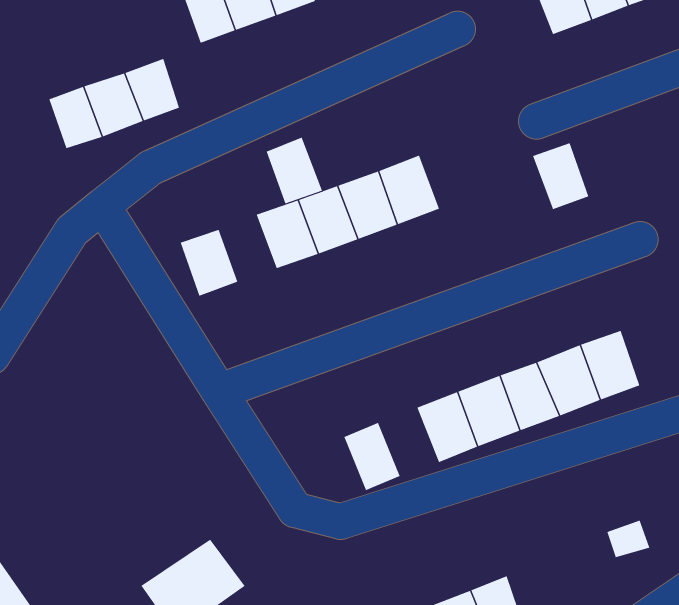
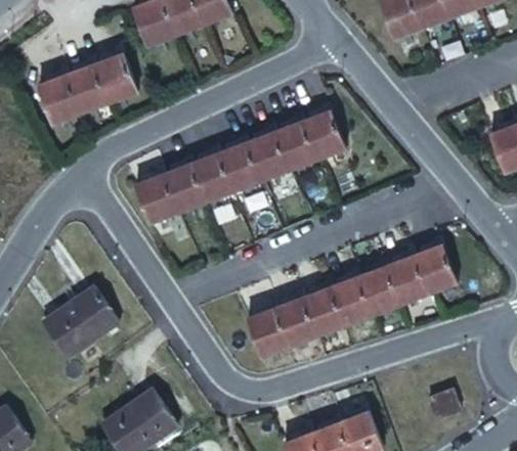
building: [266,137,323,204] -> [160,165,200,212]
building: [532,143,589,210] -> [300,114,340,161]
building: none -> [47,290,117,355]
building: none -> [271,300,313,348]

